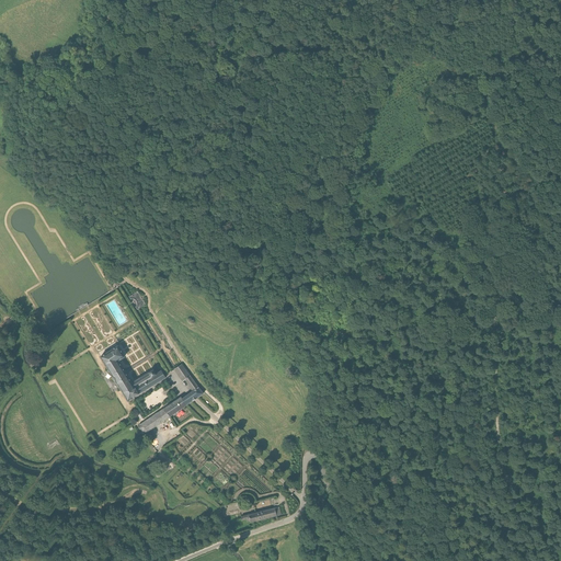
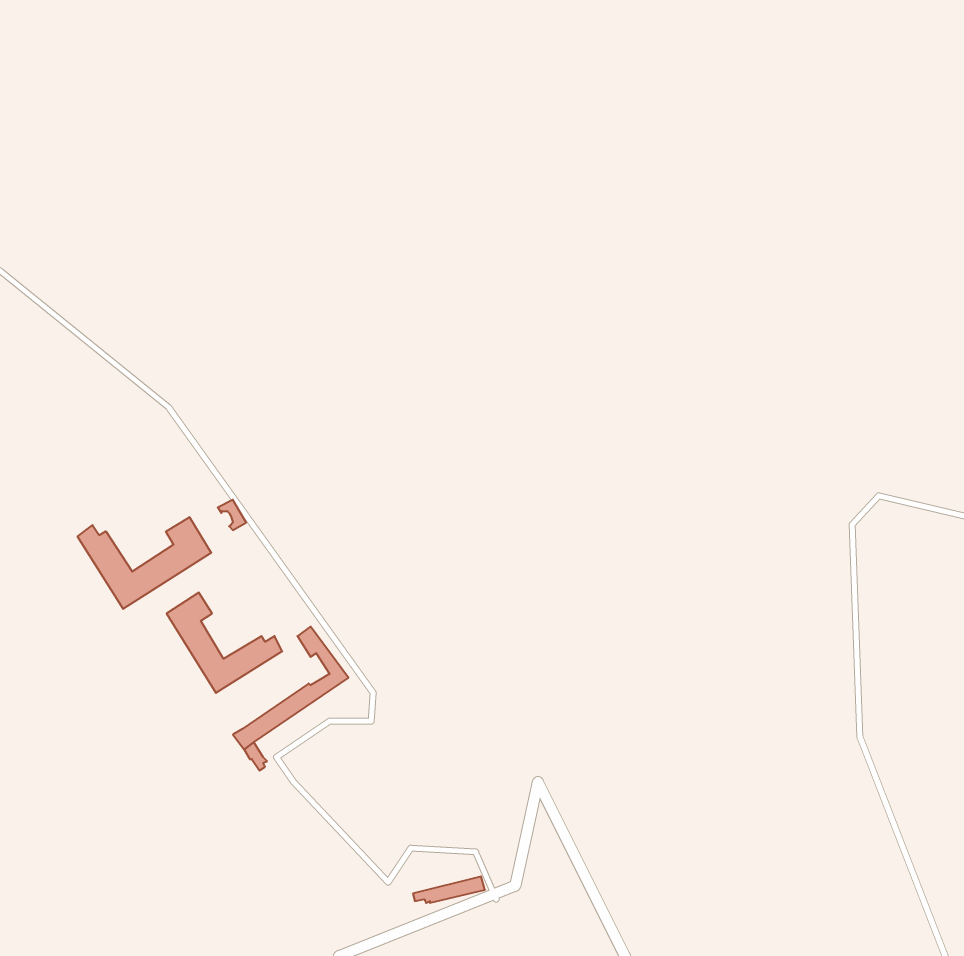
building: none -> [78,517,211,609]

